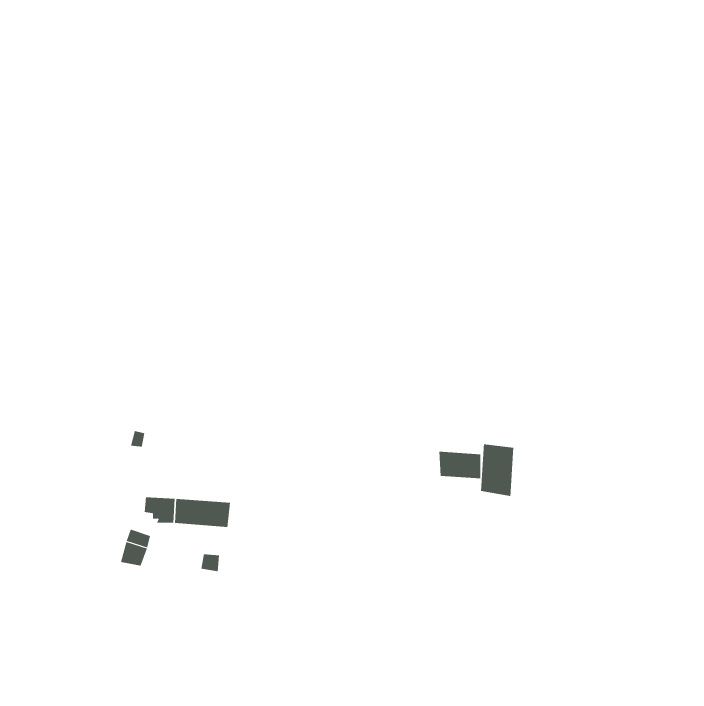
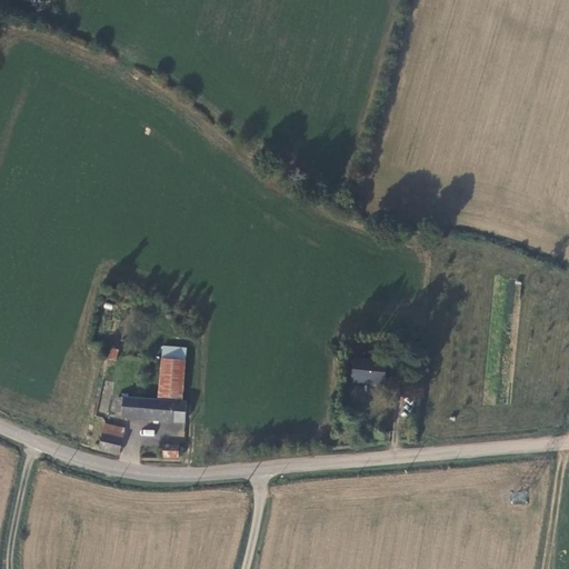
building: none -> [159,346,184,399]
building: [481,443,514,497] -> none

